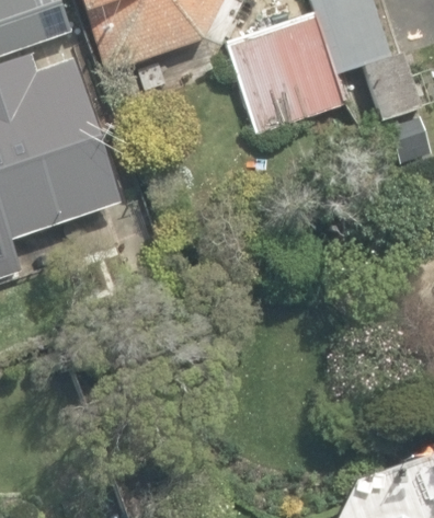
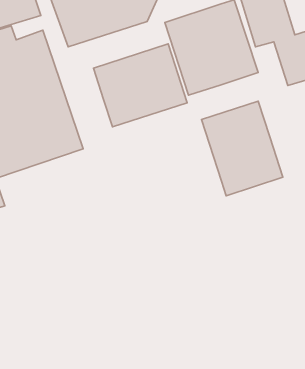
building: none -> [93,44,187,127]
building: none -> [201,101,283,196]

